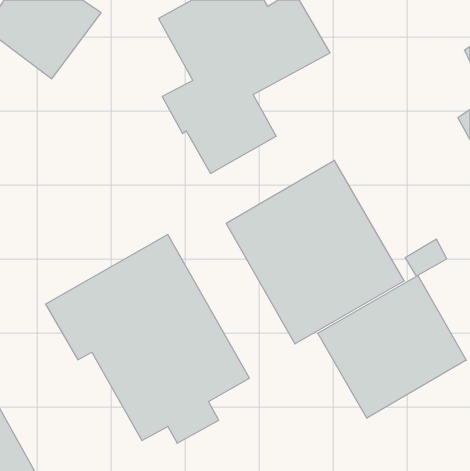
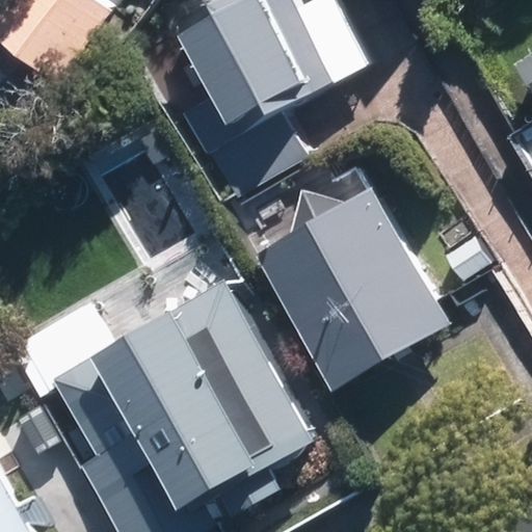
building: [318,276,466,418] -> none

